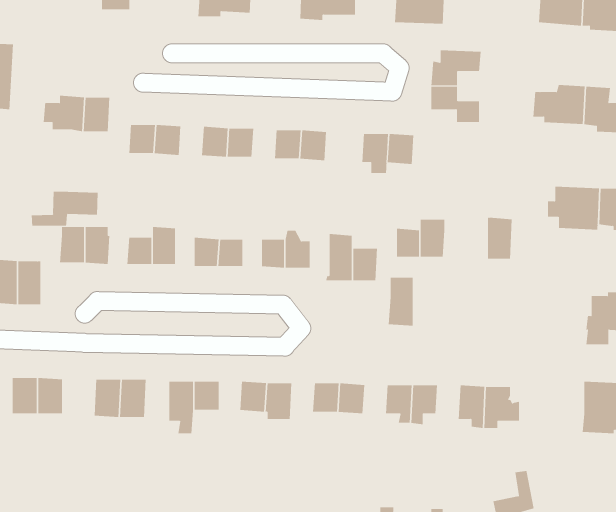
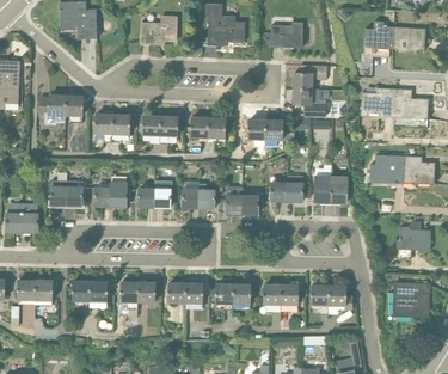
building: [31,191,98,226] -> none
building: [388,277,413,326] -> [313,170,330,202]

